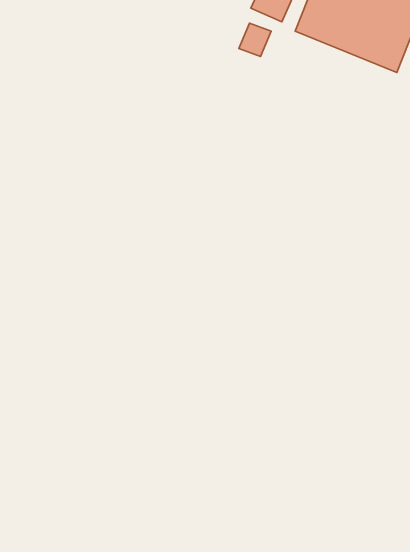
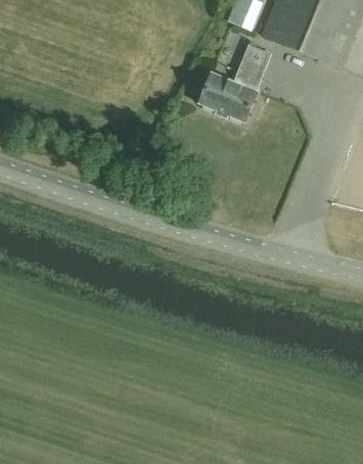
building: none -> [199,44,270,121]

